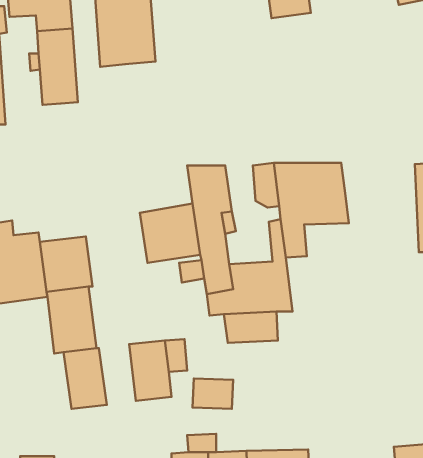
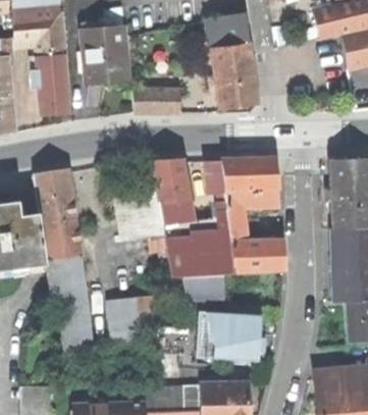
building: none -> [212,43,258,108]
building: none -> [135,89,181,113]
building: none -> [34,171,75,220]
building: none -> [230,231,283,274]
building: none -> [197,312,261,359]

